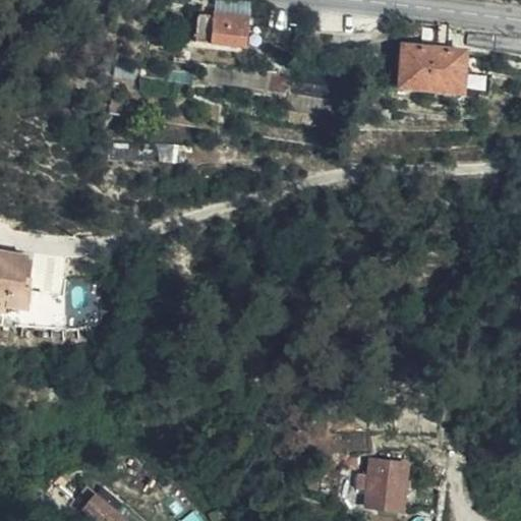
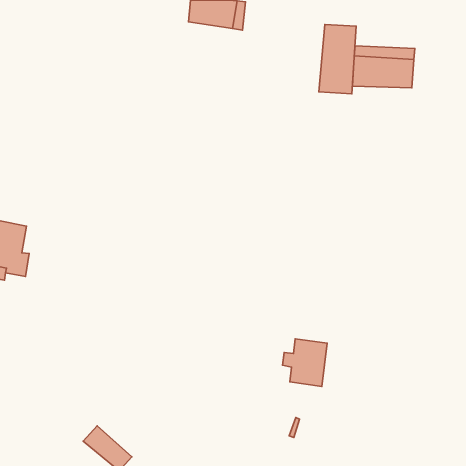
building: none -> [319,25,356,94]
building: [357,459,407,512] -> [282,339,327,386]

